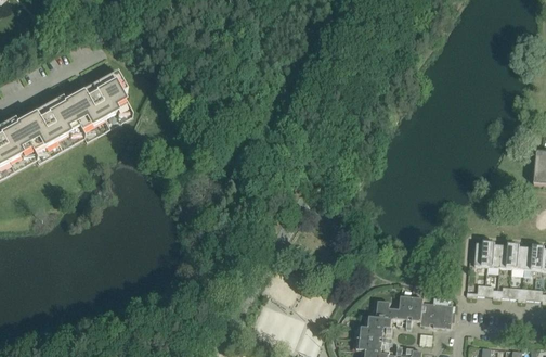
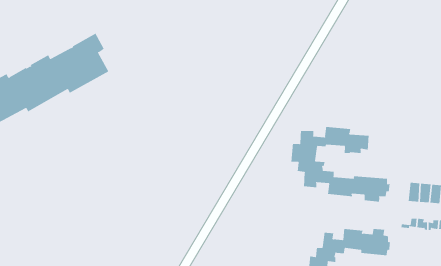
building: none -> [291,126,390,202]

